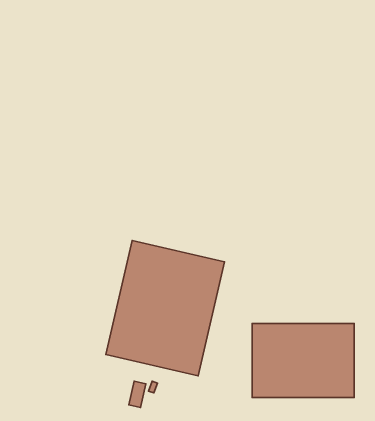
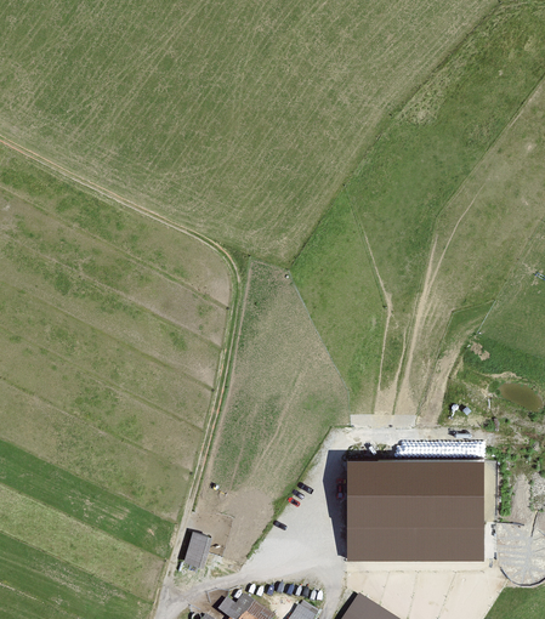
building: [106,241,225,376] -> none

